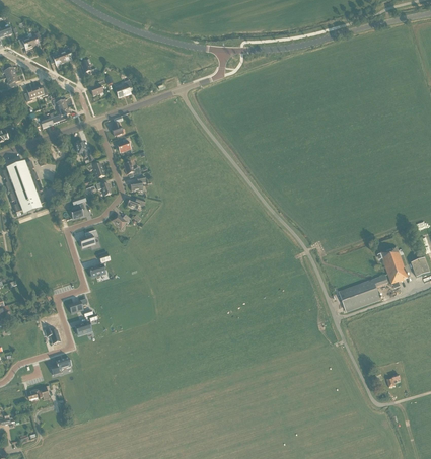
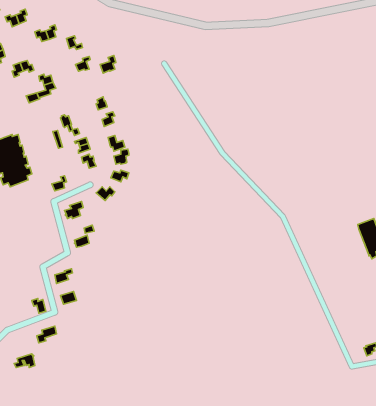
building: [338,275,386,311] -> none

